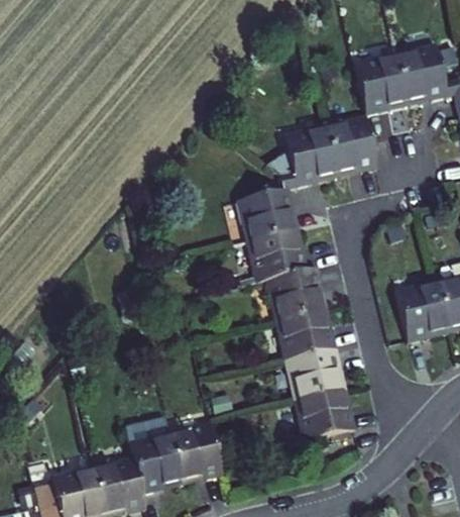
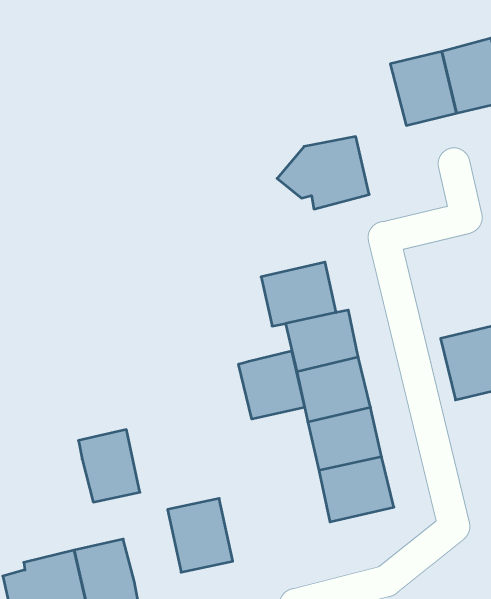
building: [325,116,376,173] -> none
building: [237,174,300,240] -> none
building: none -> [239,351,305,419]
building: [131,431,182,491] -> [78,430,140,502]

